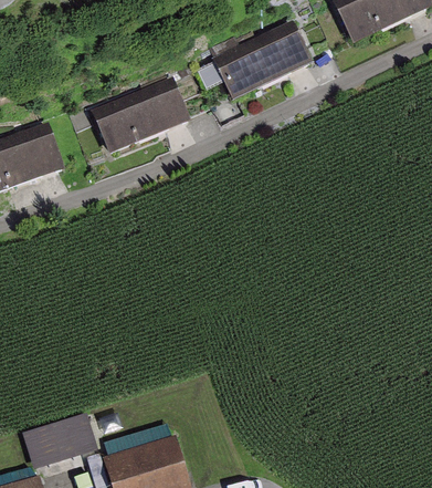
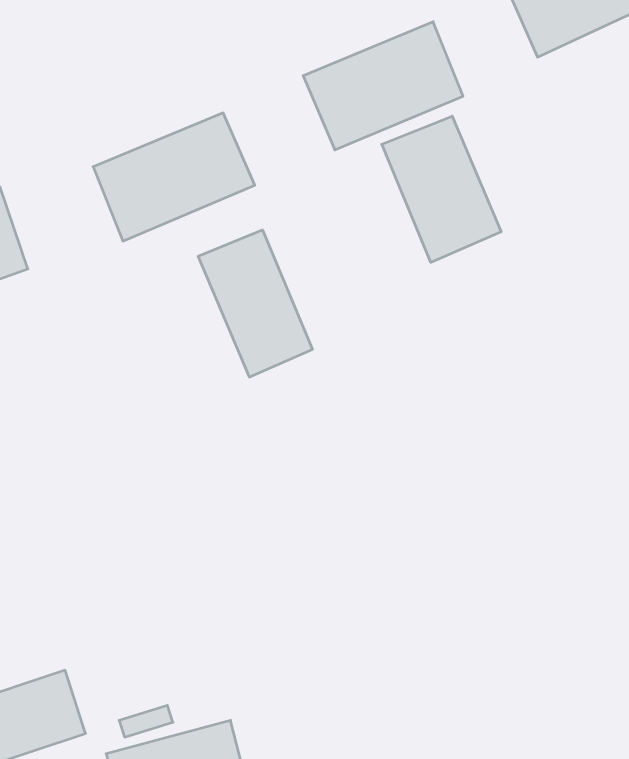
building: none -> [382,116,501,262]
building: none -> [198,230,312,377]

